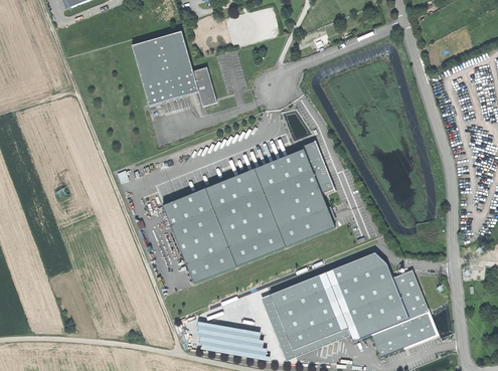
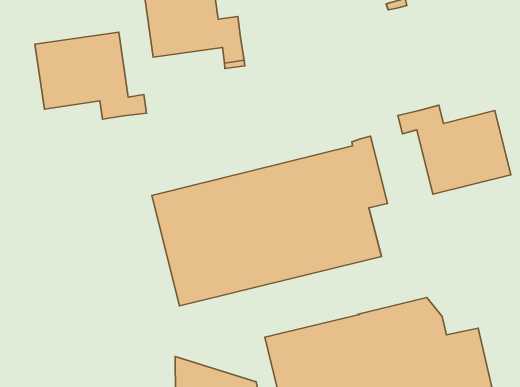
building: none -> [35,32,147,119]
building: none -> [398,105,511,194]

